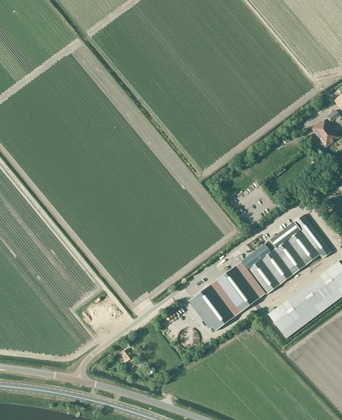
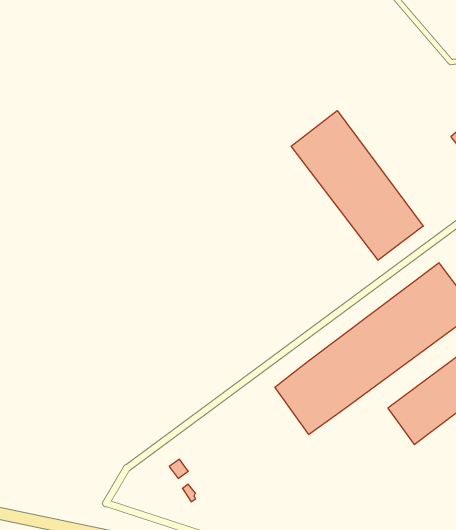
building: none -> [291,111,423,260]

